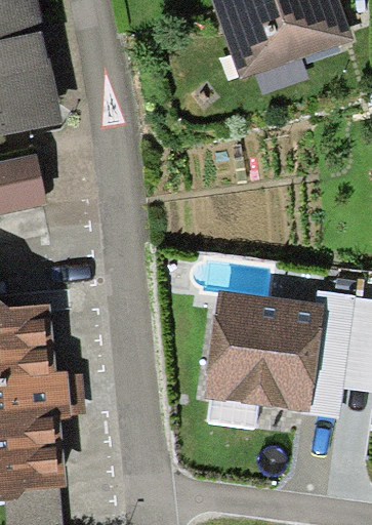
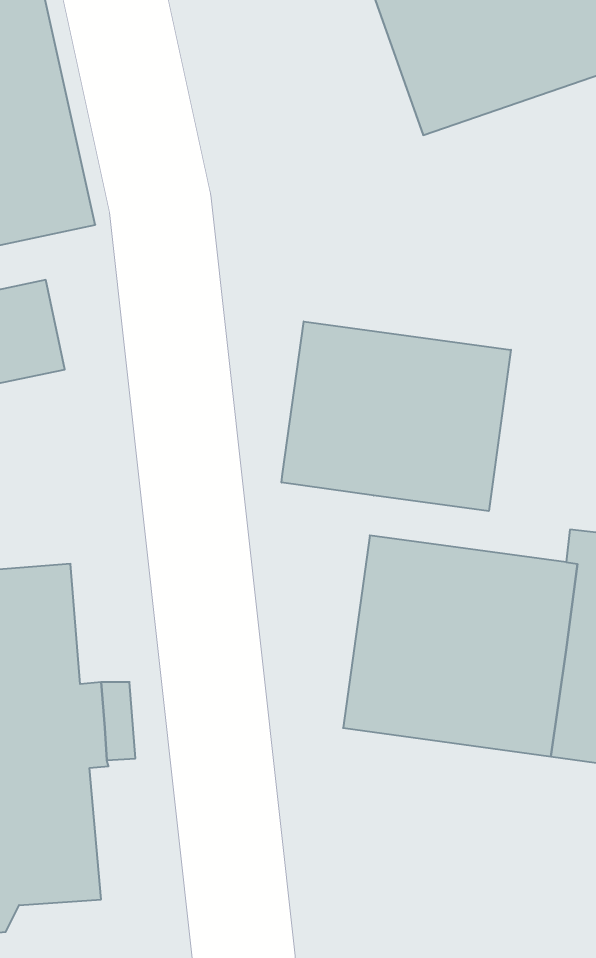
building: none -> [282,321,511,511]

